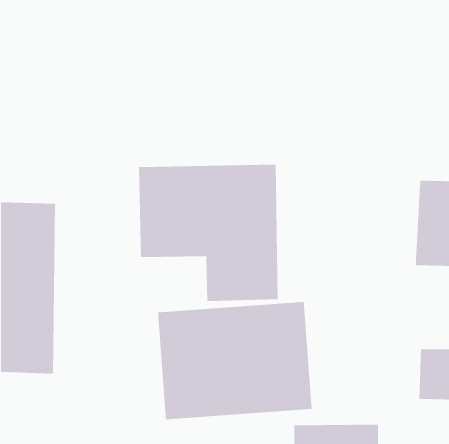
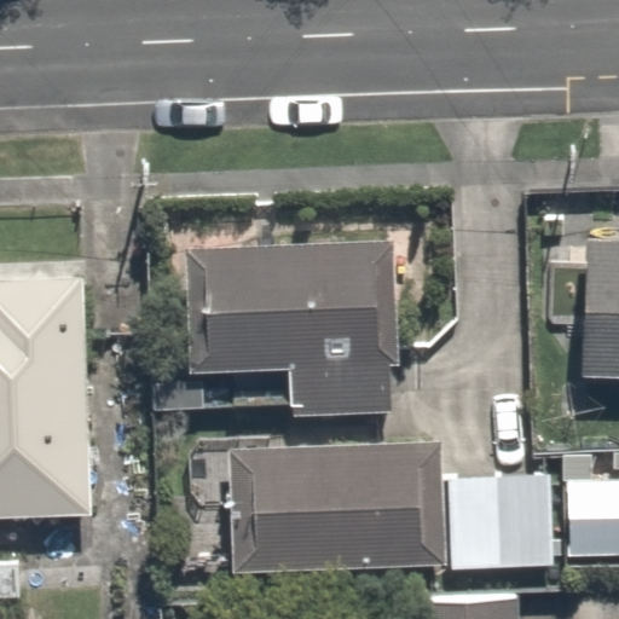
building: none -> [449,467,553,568]

